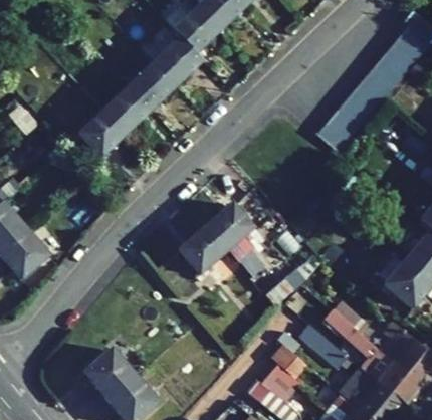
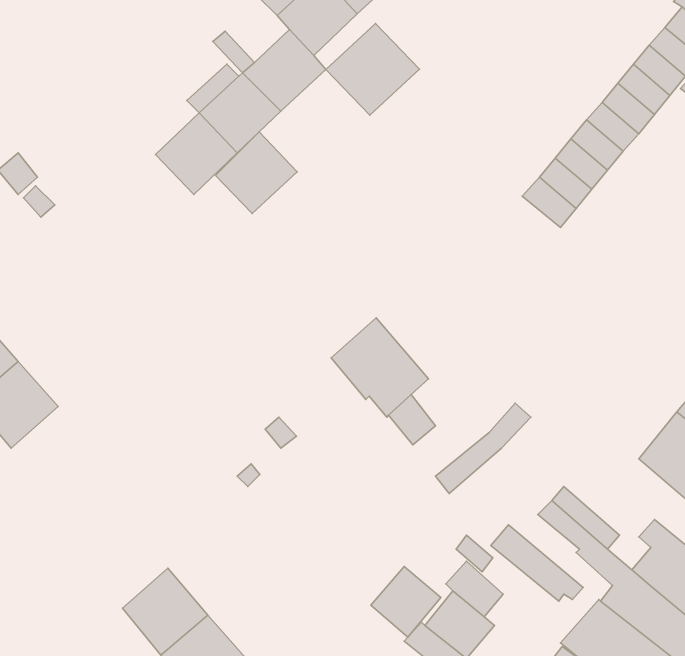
building: none -> [326,23,419,115]
building: [79,110,127,157] -> [216,132,297,214]
building: [179,227,226,273] -> none
building: none -> [371,567,441,637]

